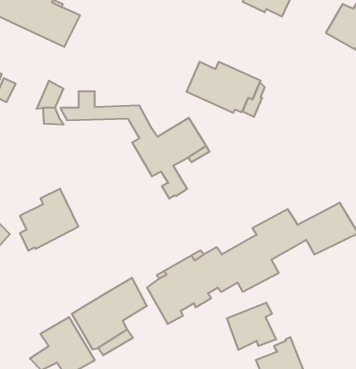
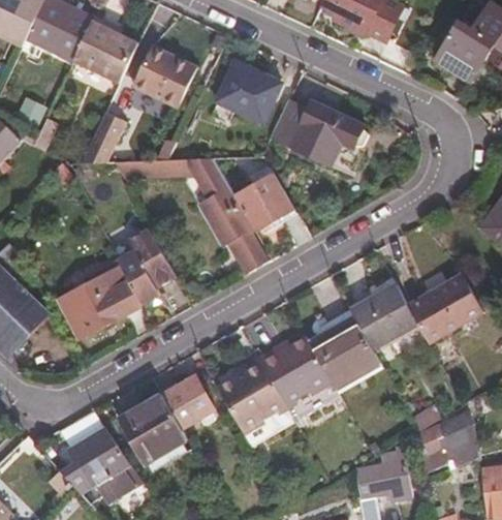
building: none -> [130,44,195,108]
building: none -> [215,62,279,121]
building: none -> [109,227,169,307]
building: [227,303,276,350] -> [413,411,475,470]

